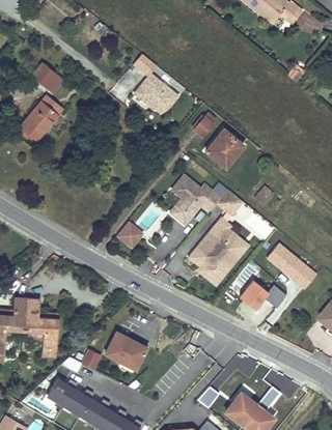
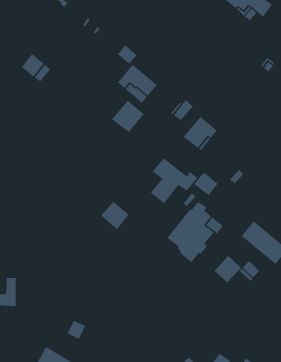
building: [21,95,61,139] -> none
building: none -> [111,100,144,133]
building: [26,303,58,360] -> none
building: [106,333,146,369] -> none

